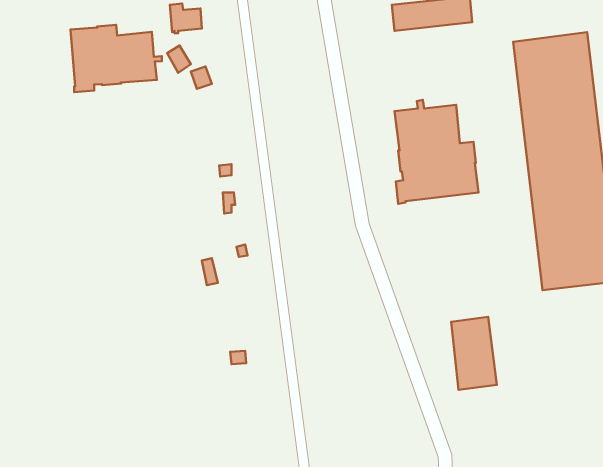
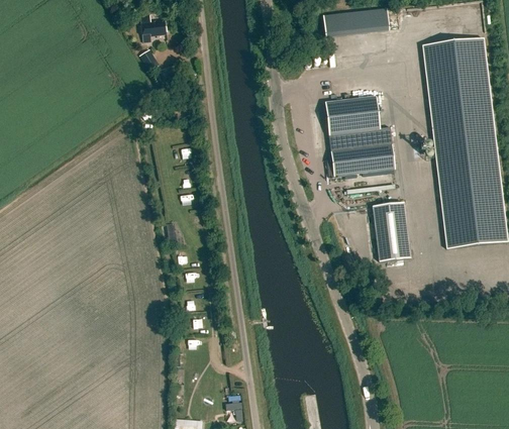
building: [70,25,162,92] -> none
building: [451,317,497,390] -> [373,202,410,261]

